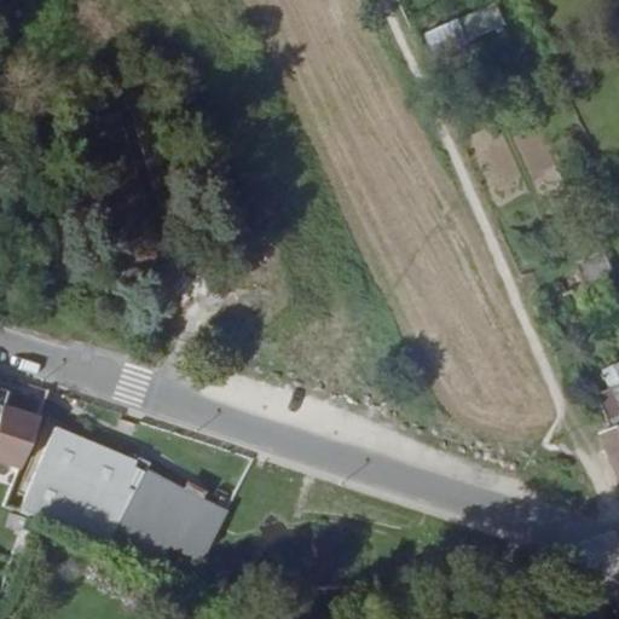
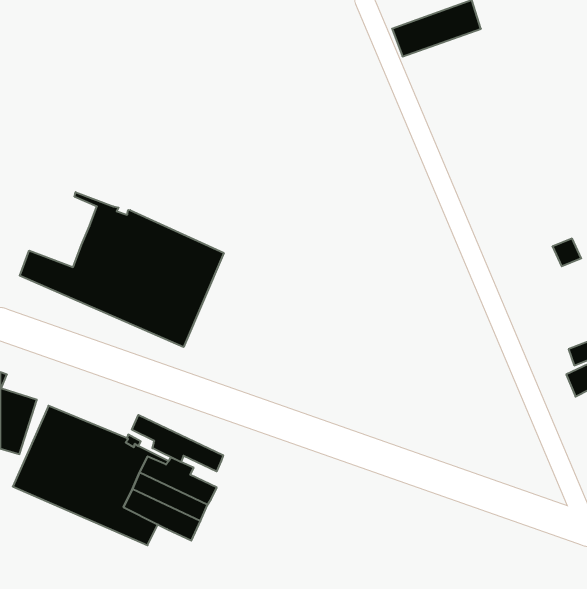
building: none -> [20,192,224,347]
building: none -> [132,415,223,471]

